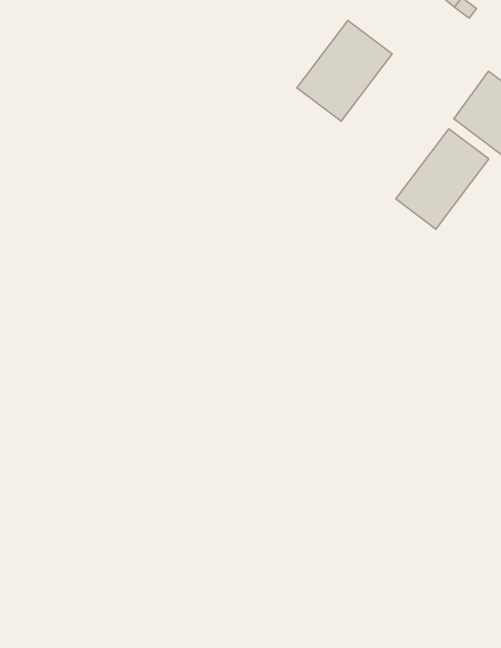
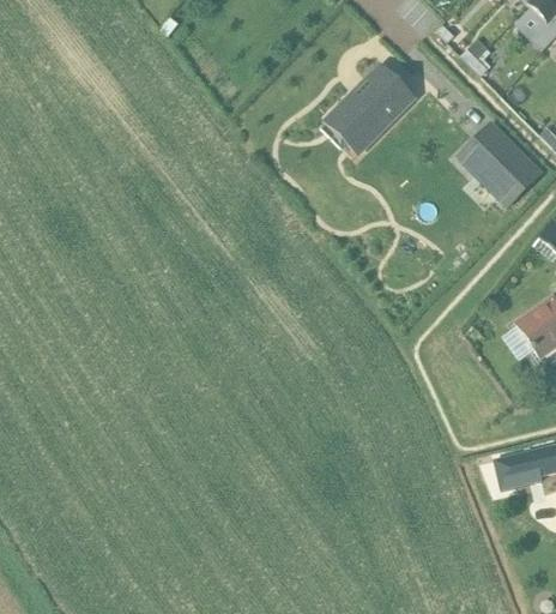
building: [396,129,489,229] -> none

